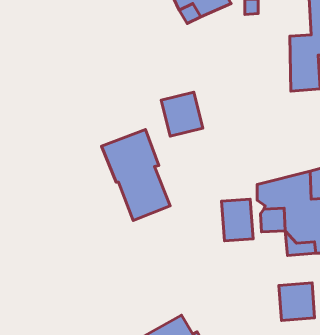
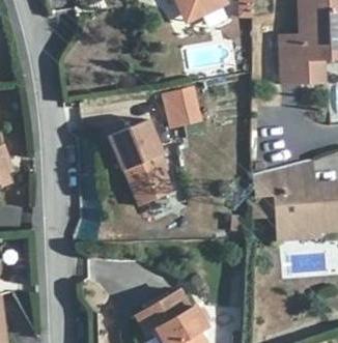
building: [221,199,253,241] -> none
building: [279,283,315,321] -> none

